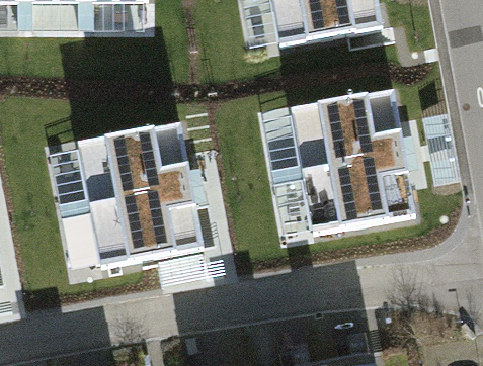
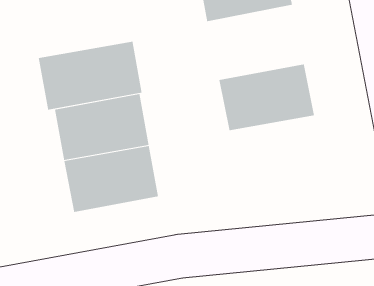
building: none -> [38,41,142,111]
building: [286,147,399,226] -> none

